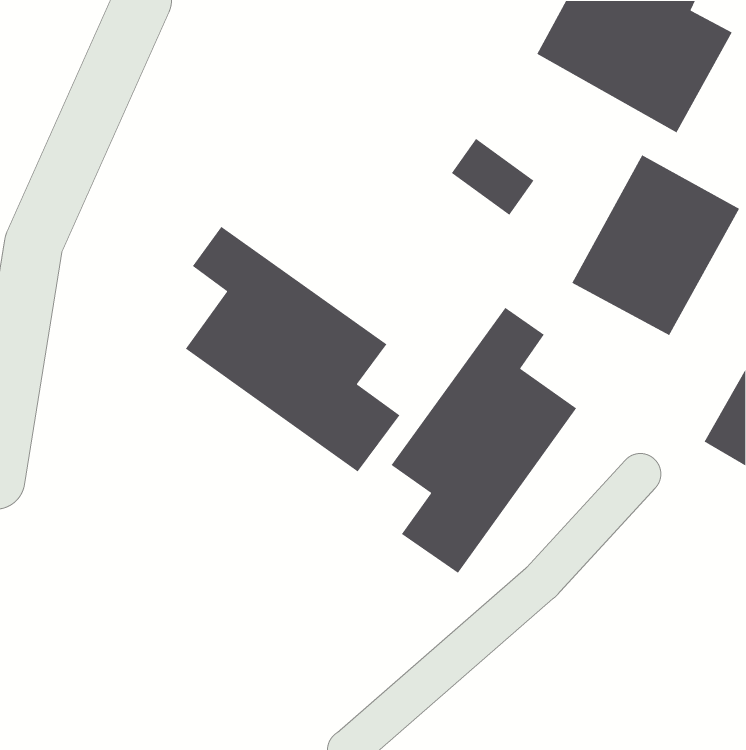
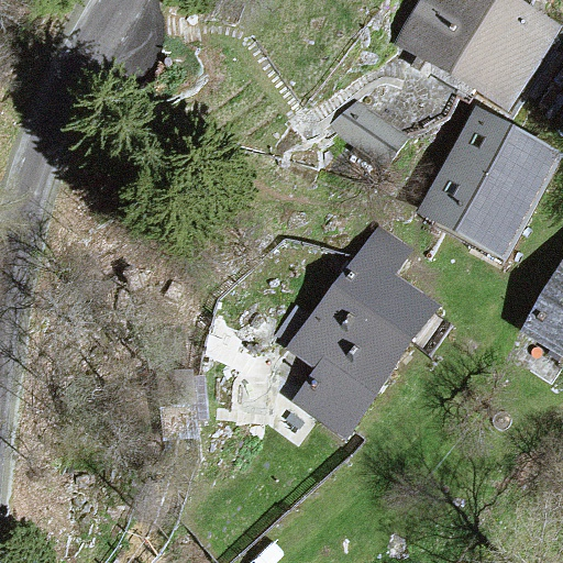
building: [185,226,401,473] -> none

